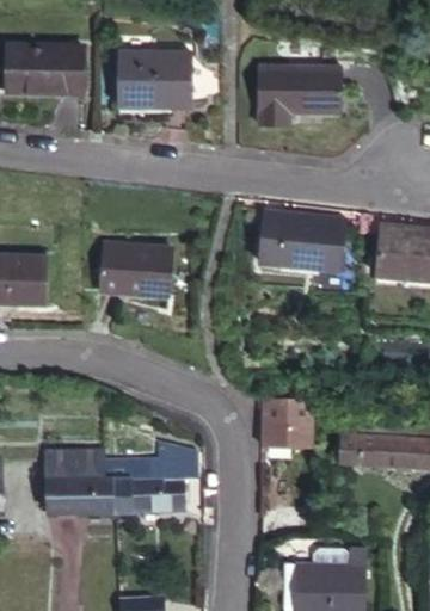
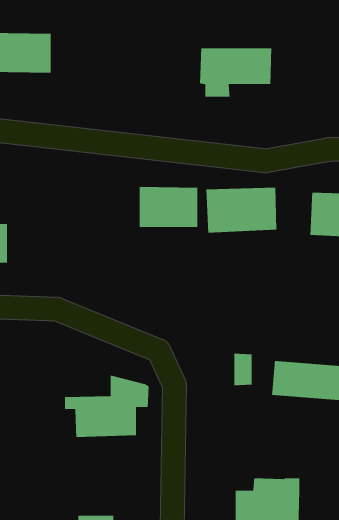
building: [123,51,195,103] -> none
building: [90,243,158,291] -> [139,186,198,228]
building: [264,409,295,456] -> none
building: [44,451,113,513] -> none

